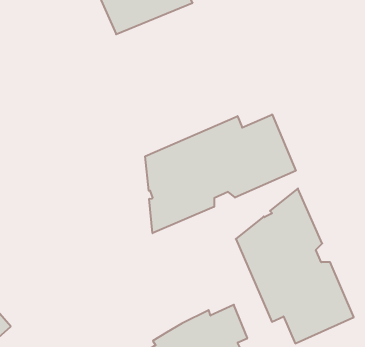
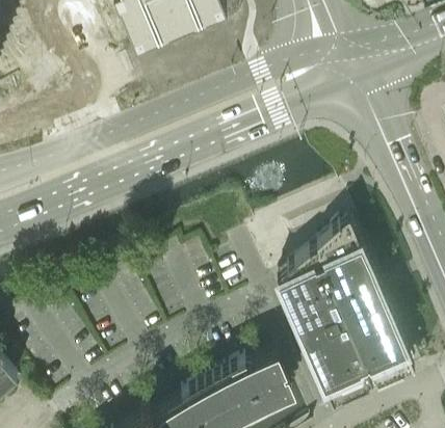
building: [145,114,296,233] -> none

